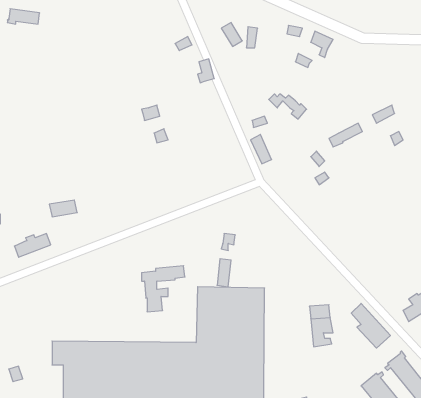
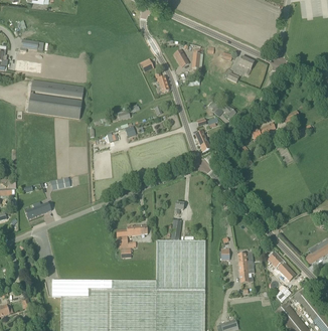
building: none -> [28,79,84,118]

